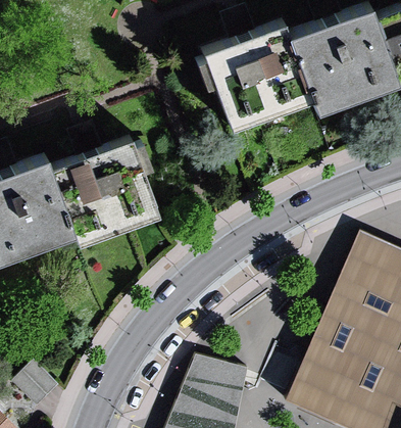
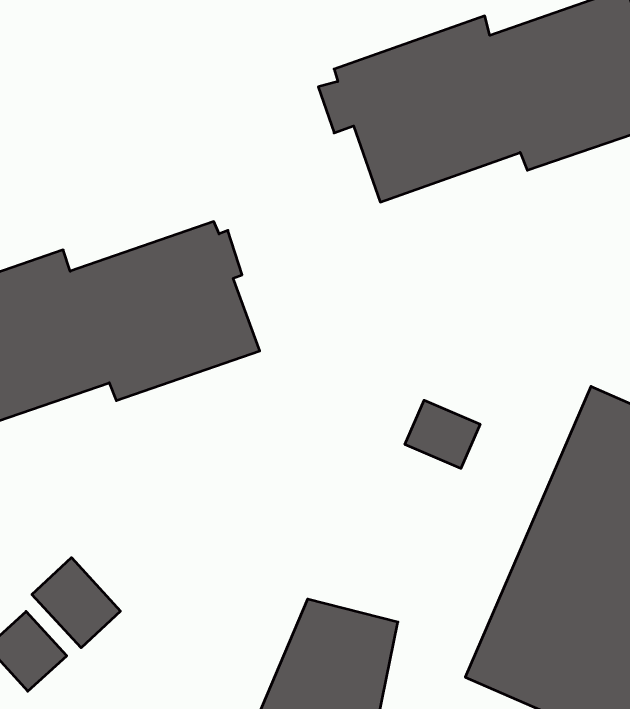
building: none -> [405,400,480,468]
building: none -> [32,558,120,648]

